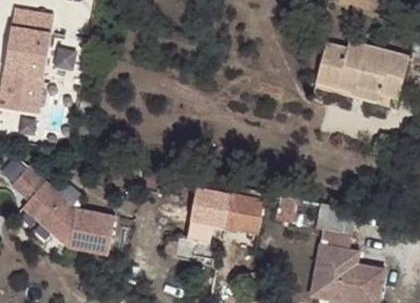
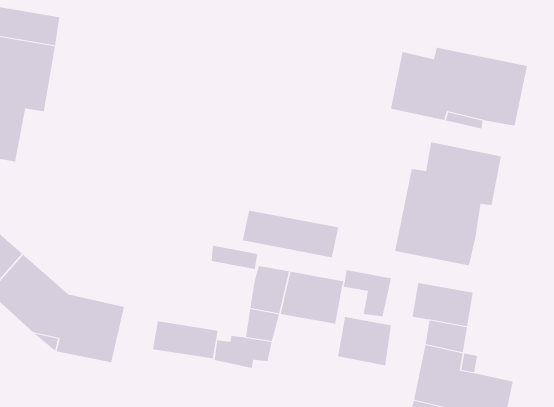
building: none -> [394,141,502,266]
building: none -> [242,210,339,258]
building: none -> [337,316,391,366]
building: none -> [153,321,218,359]

